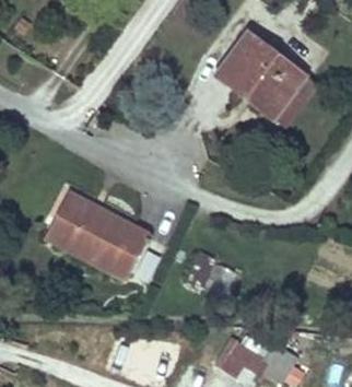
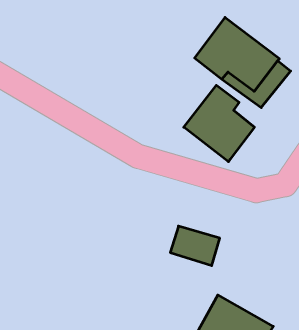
building: none -> [184,85,254,162]
building: [44,191,149,277] -> none

